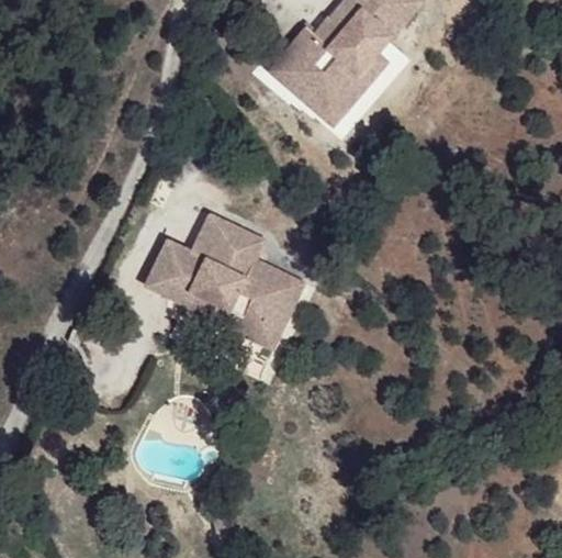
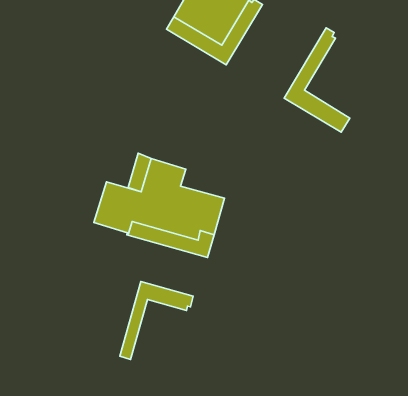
building: none -> [284,28,350,132]
building: none -> [120,282,193,359]

